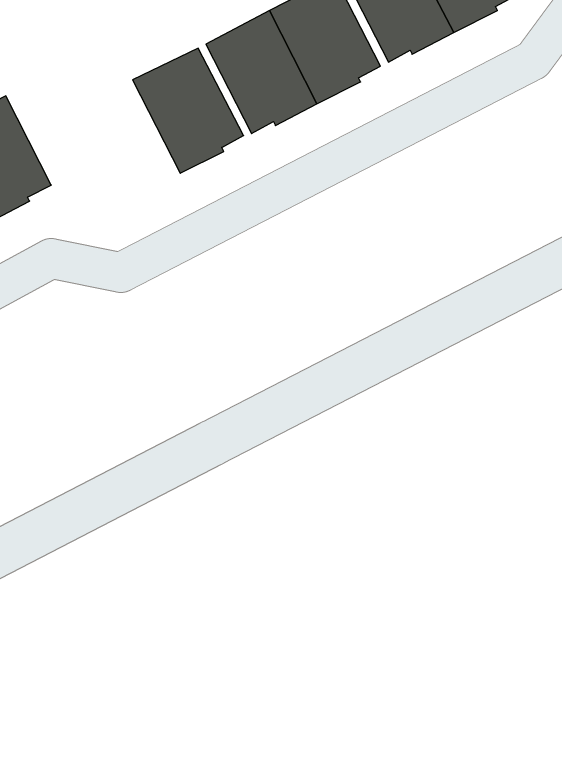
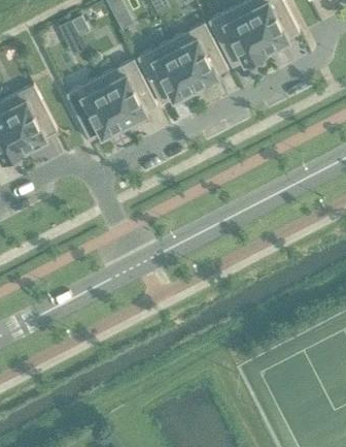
building: none -> [65,79,123,143]

